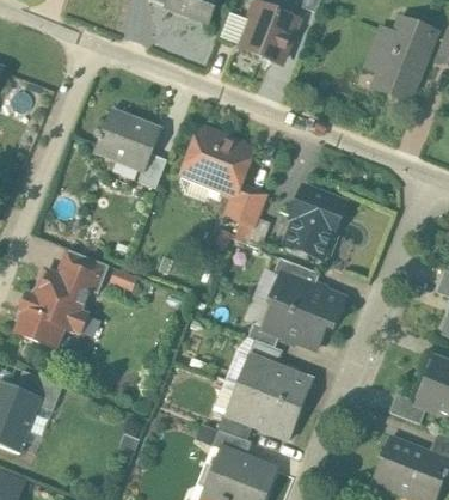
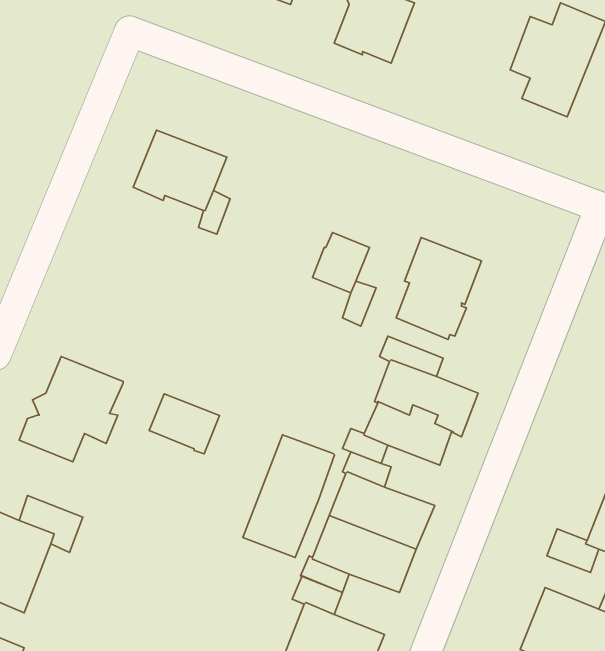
building: [189,127,251,194] -> none
building: [57,250,107,293] -> [149,394,219,454]
building: none -> [243,435,335,558]

